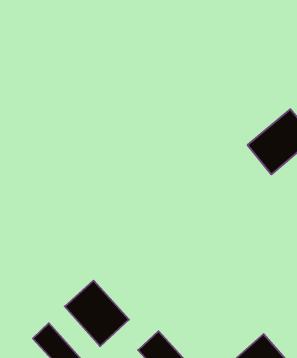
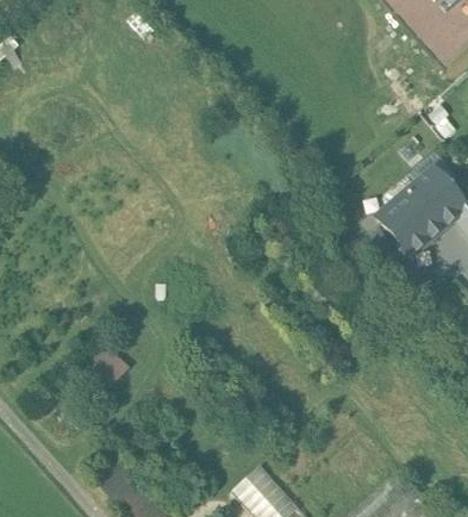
building: none -> [89,344,130,385]
building: [65,281,129,346] -> none

